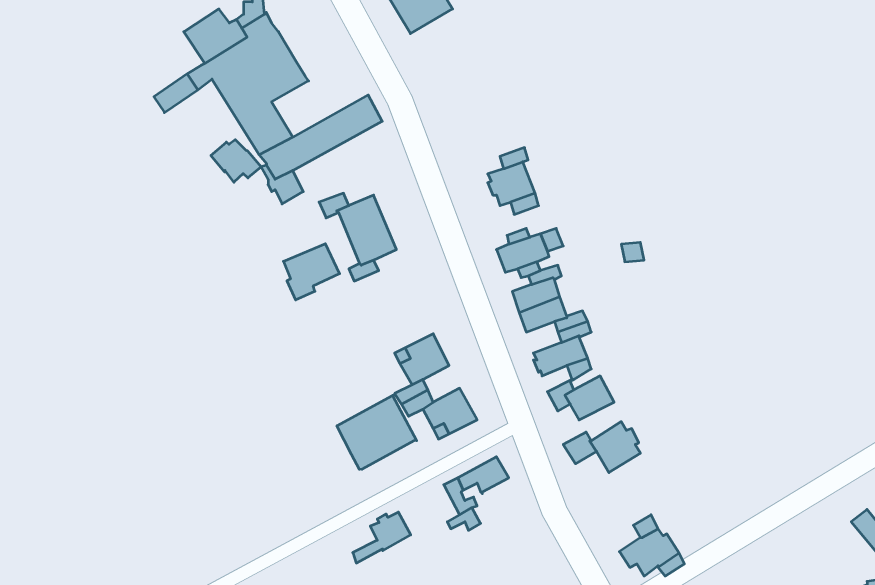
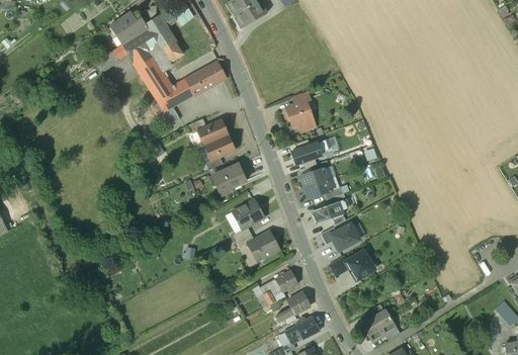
building: [211,140,261,182] -> none
building: [283,244,340,300] -> [214,163,247,195]
building: [337,395,417,469] -> none
building: [353,512,411,563] -> [277,291,311,321]
building: none -> [285,316,320,337]

